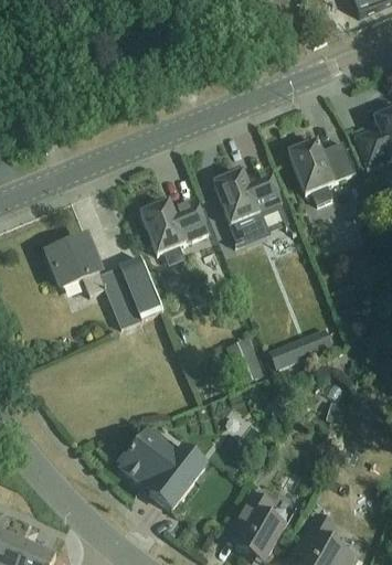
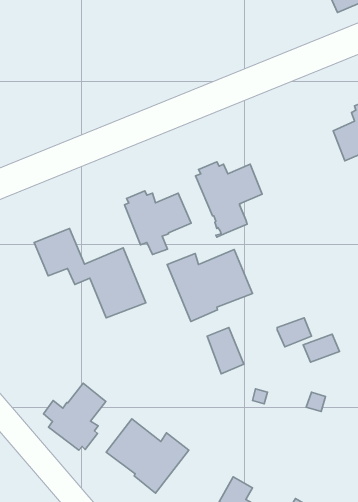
building: [288,137,356,203] -> none
building: none -> [167,250,252,321]
building: [267,340,305,369] -> [303,334,340,362]
building: none -> [44,383,106,450]

